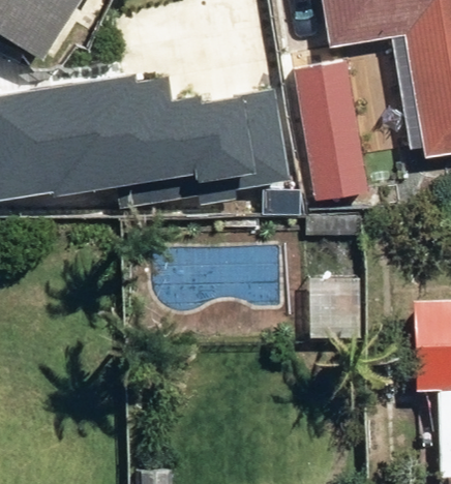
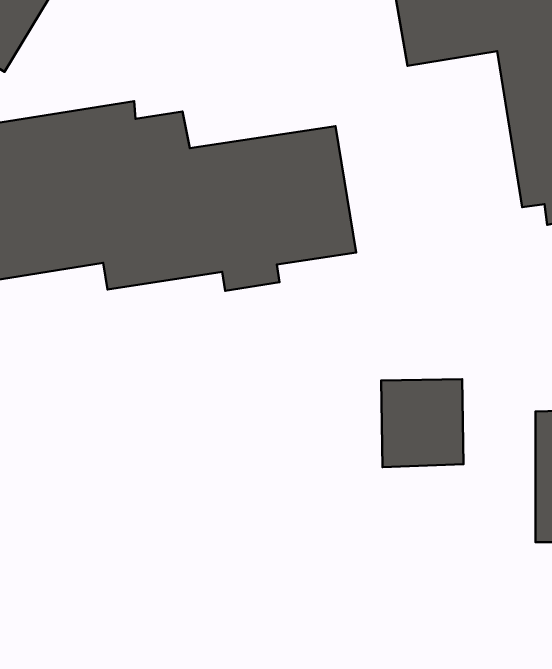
building: [295,61,367,201] -> none

